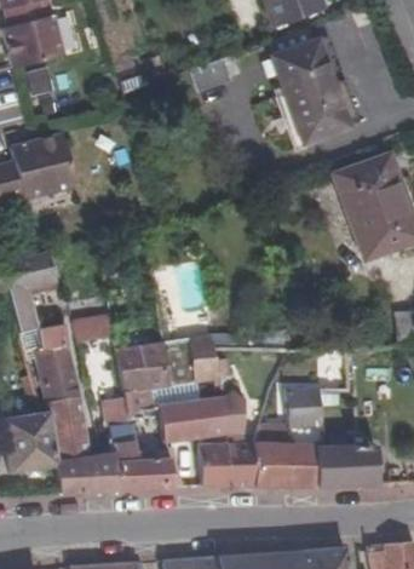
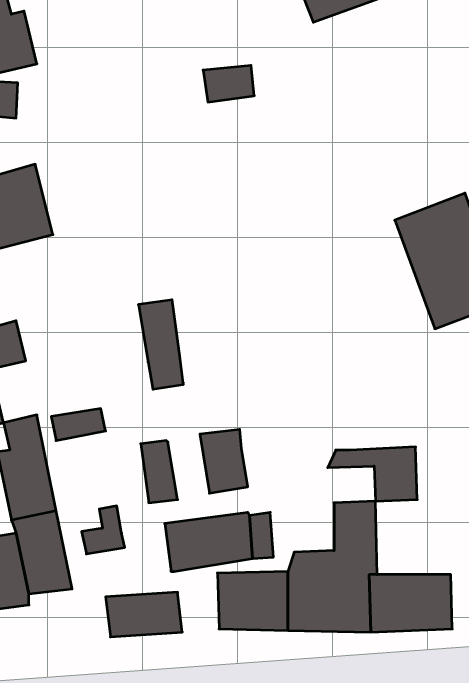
building: [274,40,349,143] -> none
building: [117,345,151,413] -> [138,300,183,389]
building: [58,452,120,493] -> none

